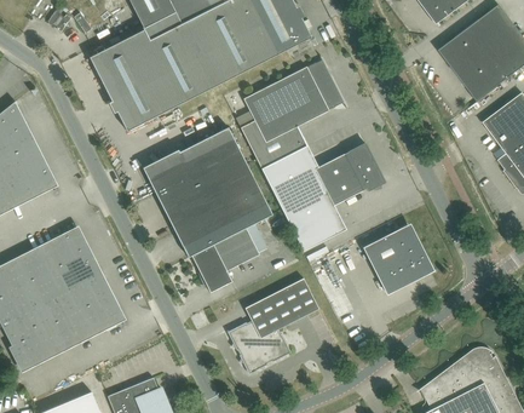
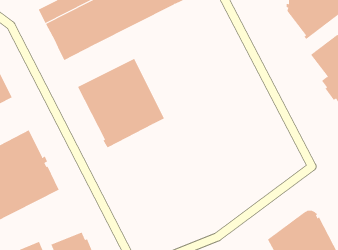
building: [241,59,385,251] -> none
building: [192,223,267,292] -> none
building: [363,225,430,292] -> none
building: [228,277,319,371] -> none

